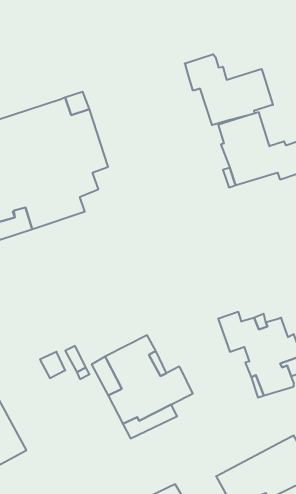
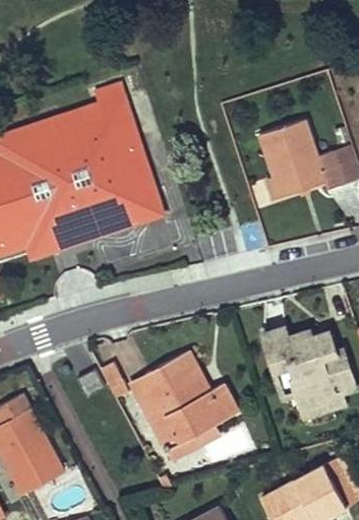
building: [185,54,273,125] -> none
building: none -> [119,177,160,223]

